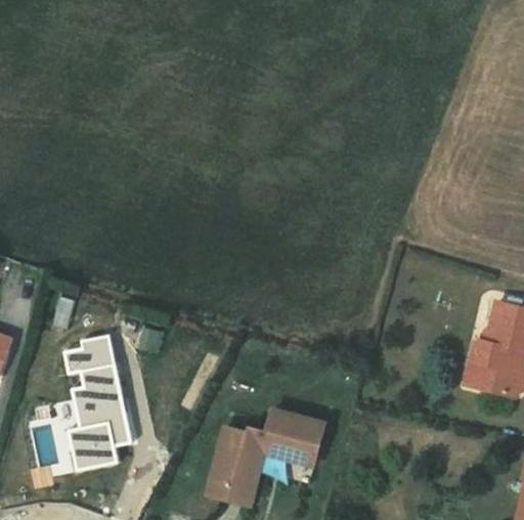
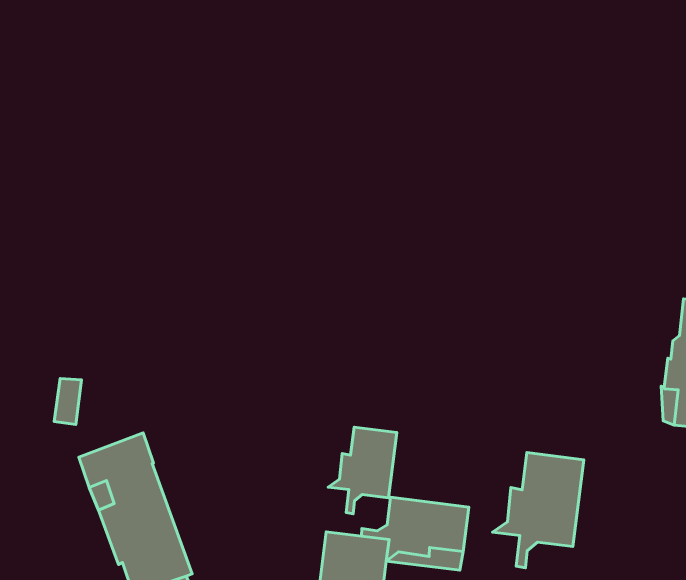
building: none -> [328,427,397,514]
building: none -> [492,453,584,568]

